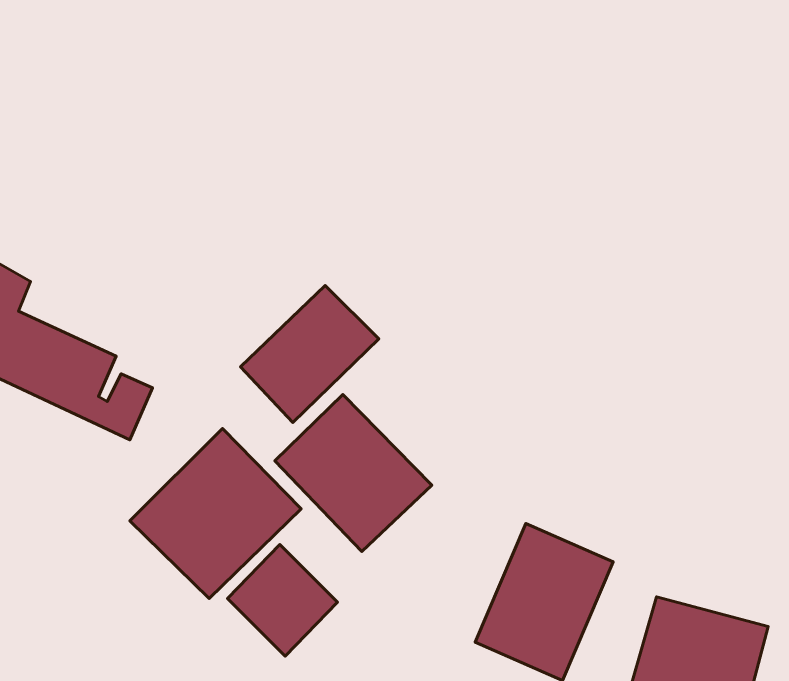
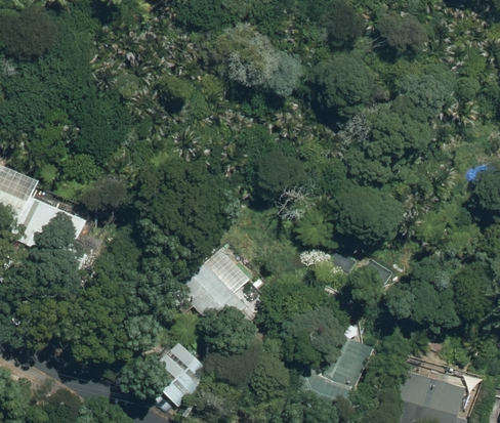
building: [240,286,379,422] -> none
building: [130,428,301,599] -> none

